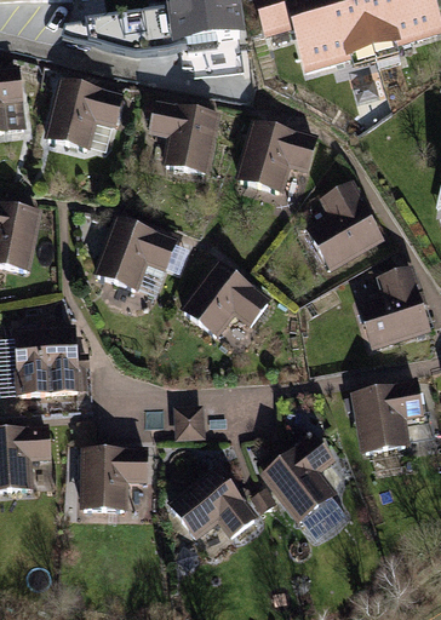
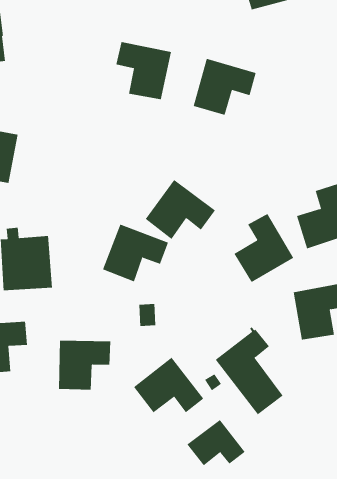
building: [47,81,120,147] -> none
building: [309,184,379,265] -> [234,213,294,283]
building: [97,219,174,287] -> [102,224,169,282]
building: none -> [187,419,246,466]

